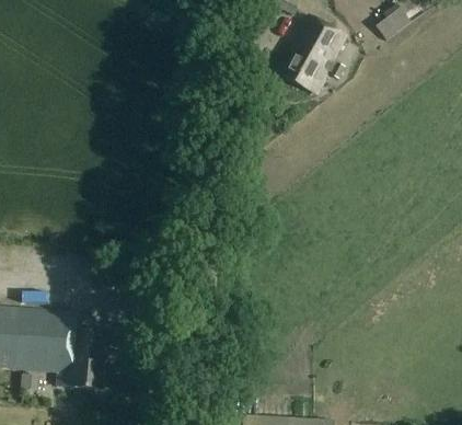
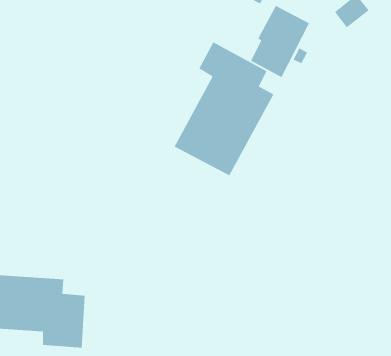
building: none -> [174,41,274,176]

